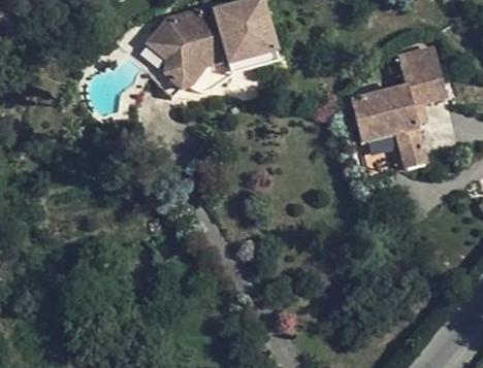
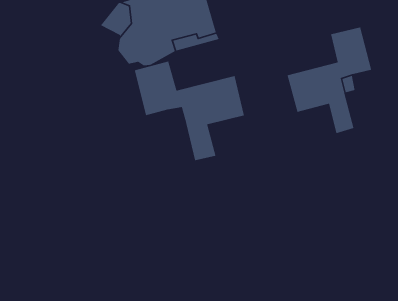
building: none -> [134,61,245,161]

